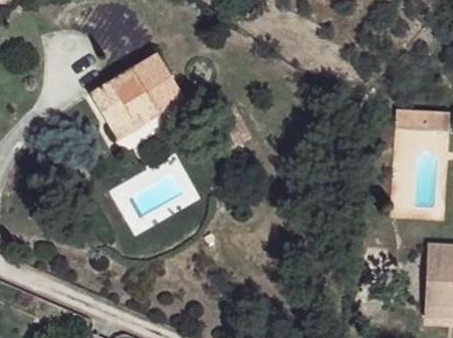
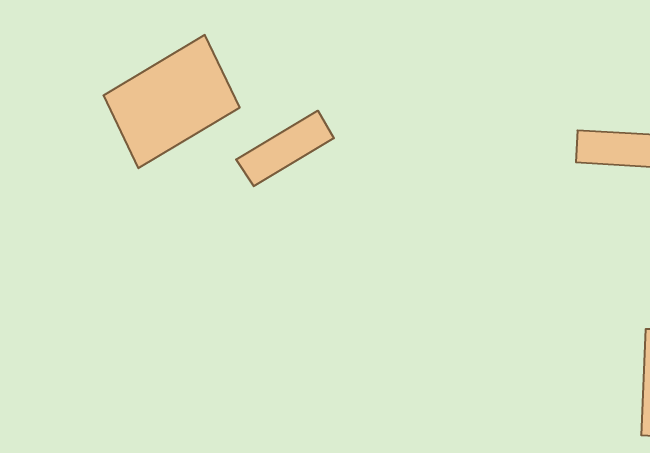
building: none -> [236,111,334,186]

